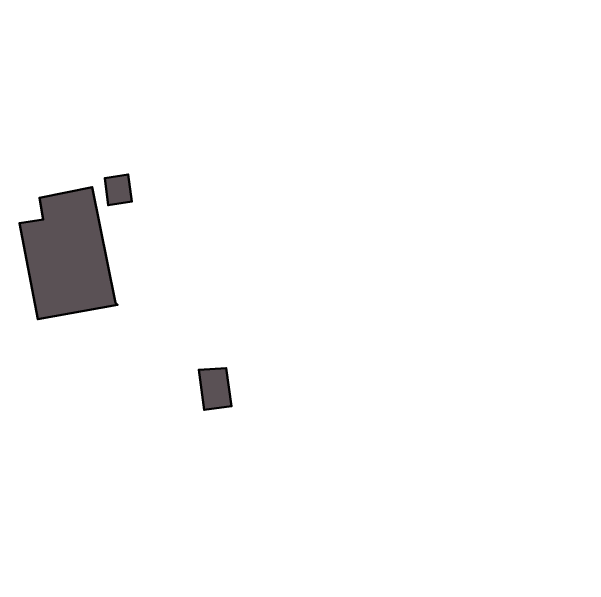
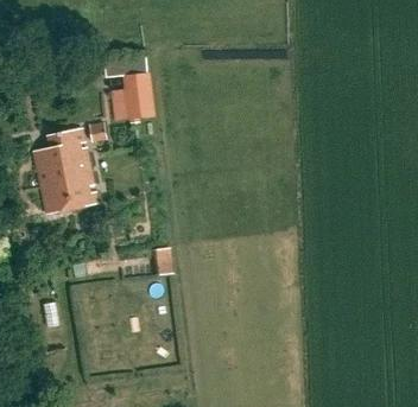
building: none -> [112,71,153,119]

